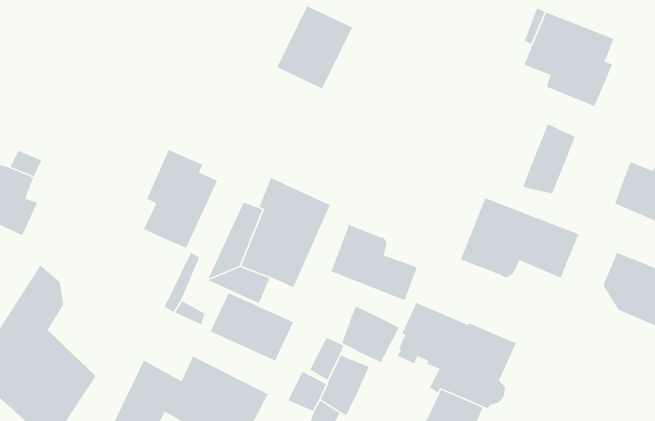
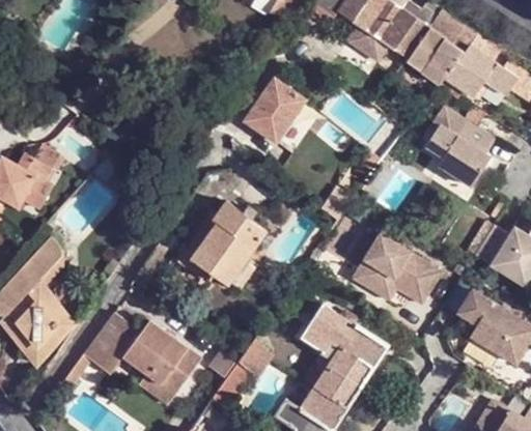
building: [522,123,576,194] -> none
building: [143,149,218,249] -> none
building: [330,224,418,301] -> none
building: [209,292,294,361] -> none
building: [341,306,400,363] -> none

